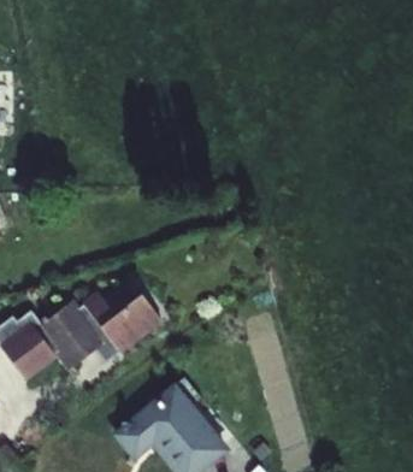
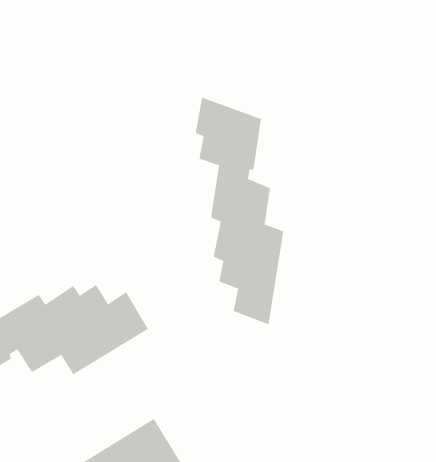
building: none -> [195,97,284,325]

